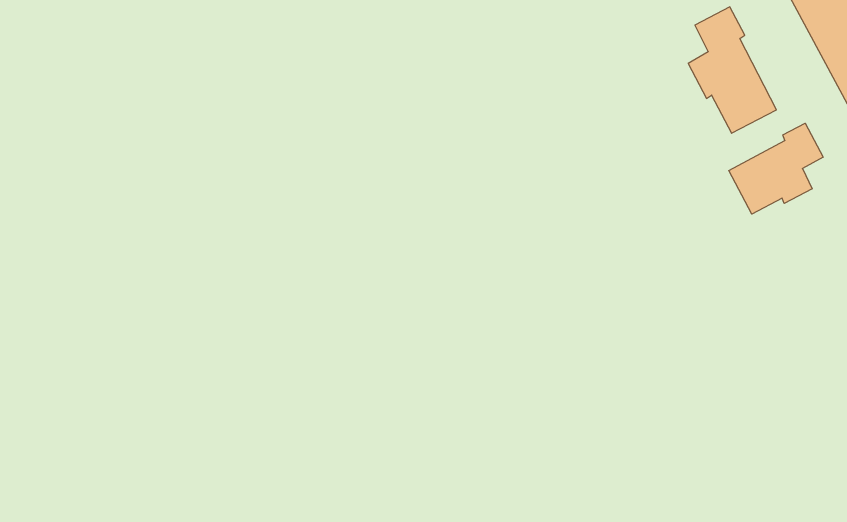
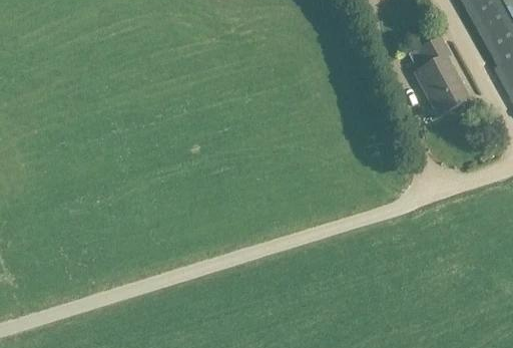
building: [729,123,823,214] -> none

